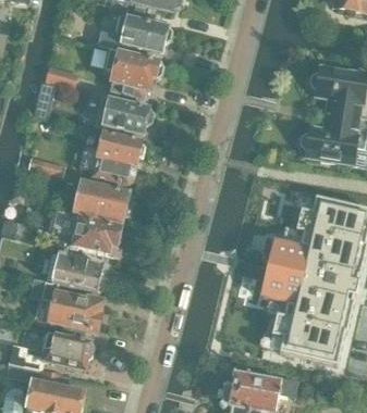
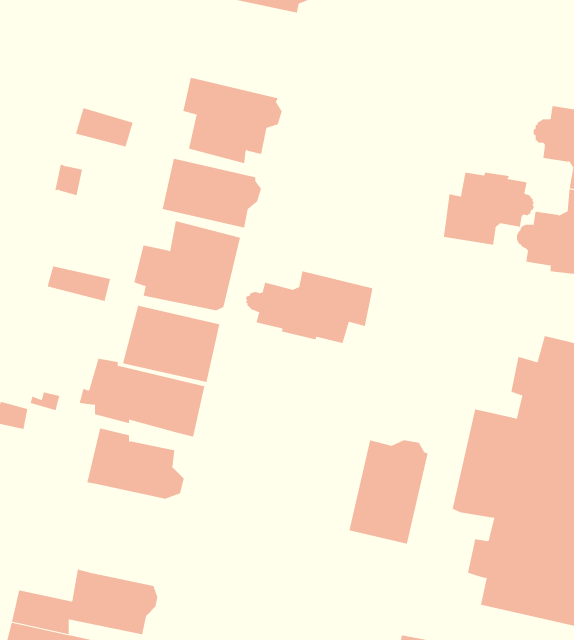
building: [98,14,172,54] -> none
building: none -> [432,172,534,246]
building: none -> [245,271,389,344]
building: none -> [349,439,428,545]
building: [29,278,102,331] -> none

